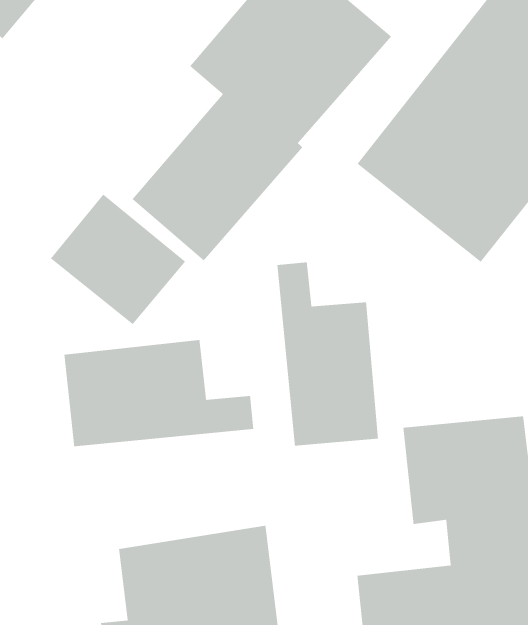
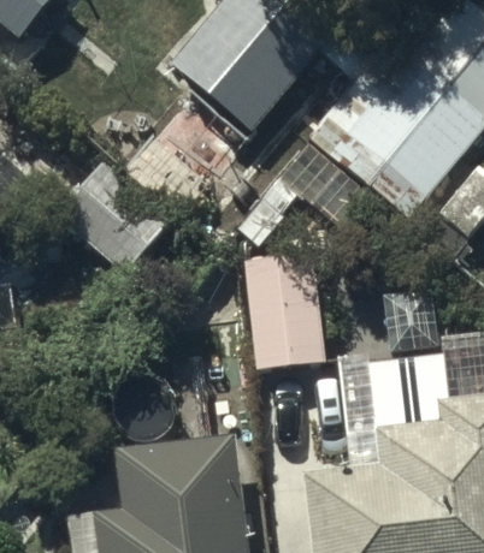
building: [64,339,254,447] -> none

